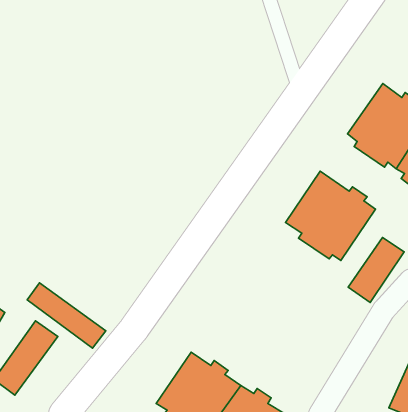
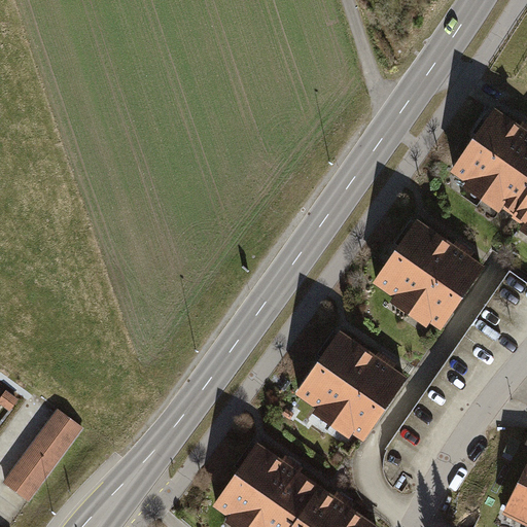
building: [348,237,404,302] -> none
building: none -> [293,331,406,442]
building: [27,283,106,348] -> none

